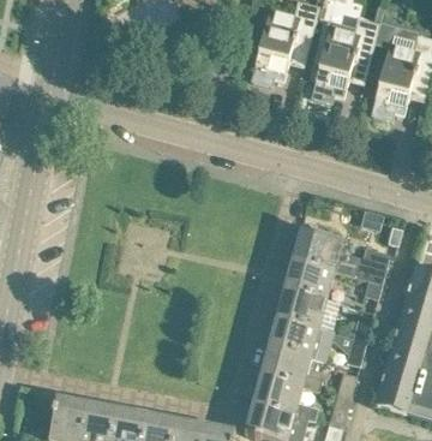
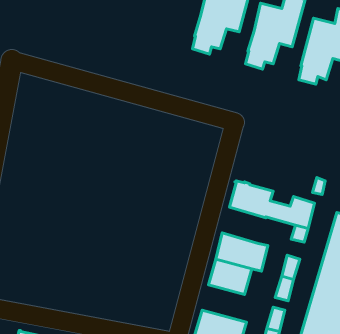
building: [284,258,334,299] -> none
building: [262,346,322,391] -> none

